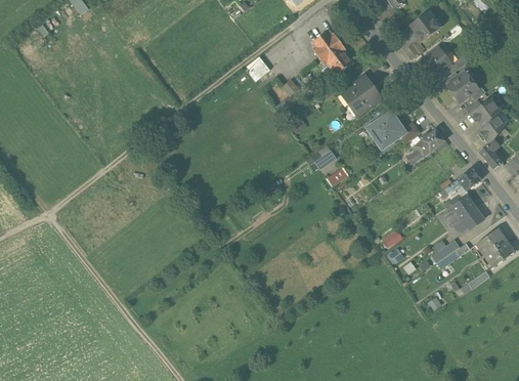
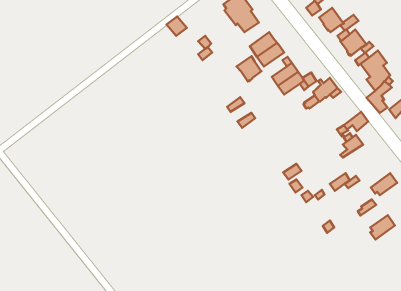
building: none -> [237,56,262,82]
building: [450,206,483,236] -> none
building: [477,227,506,256] -> [370,215,395,240]

